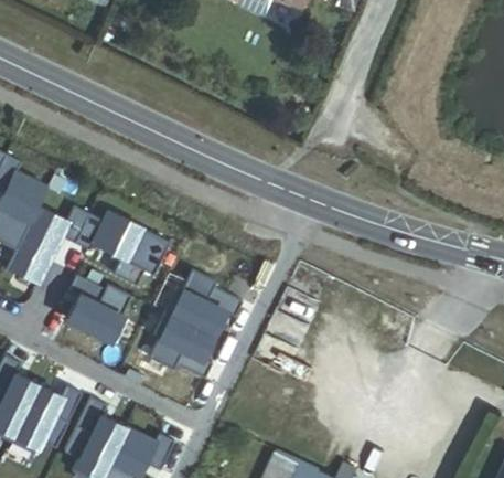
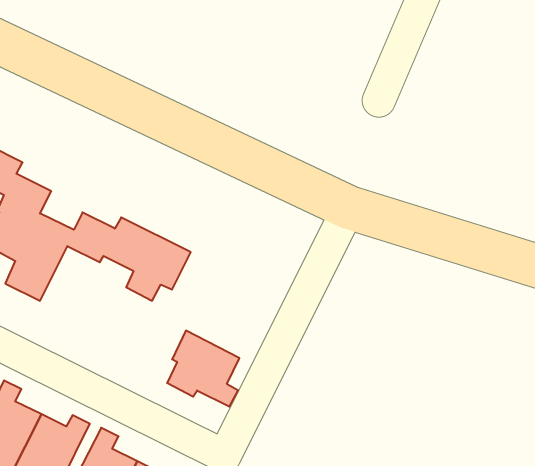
building: [168,270,245,336] -> none
building: [68,275,132,343] -> none

